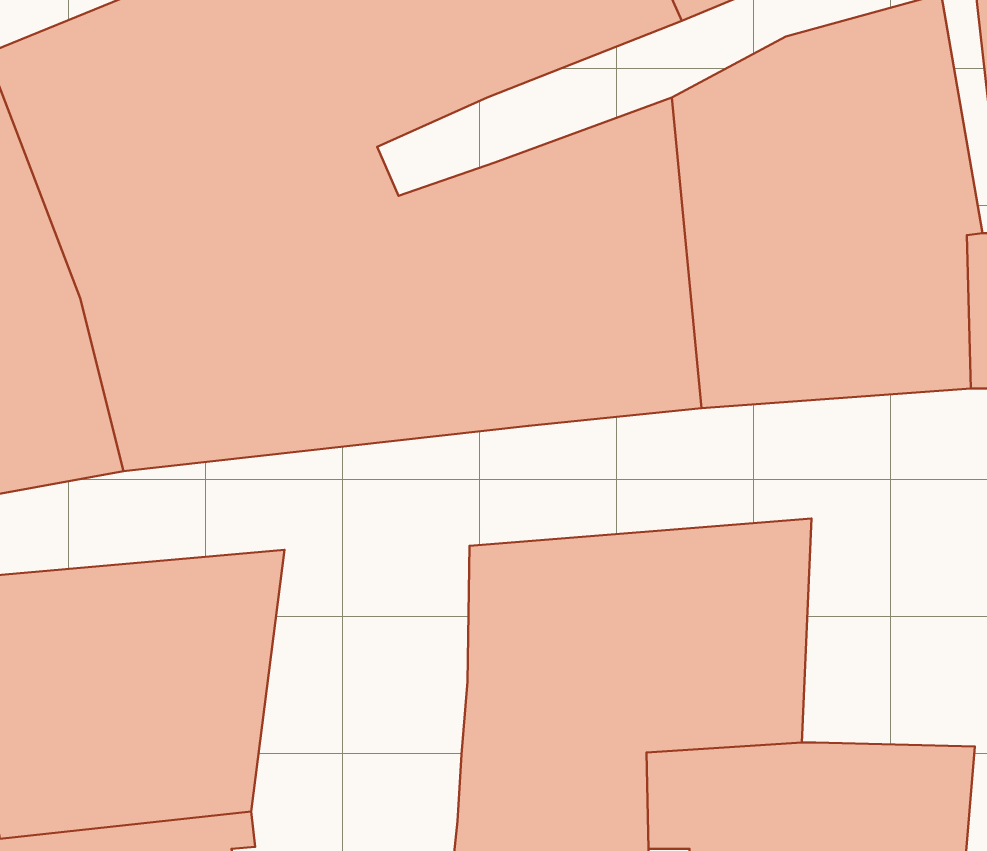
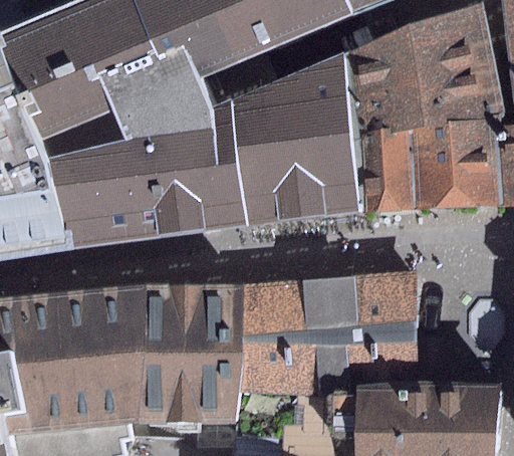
building: none -> [132,285,243,426]

